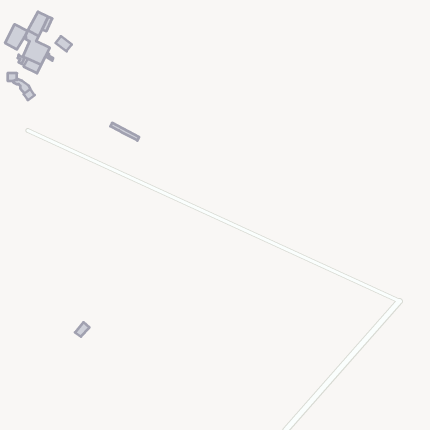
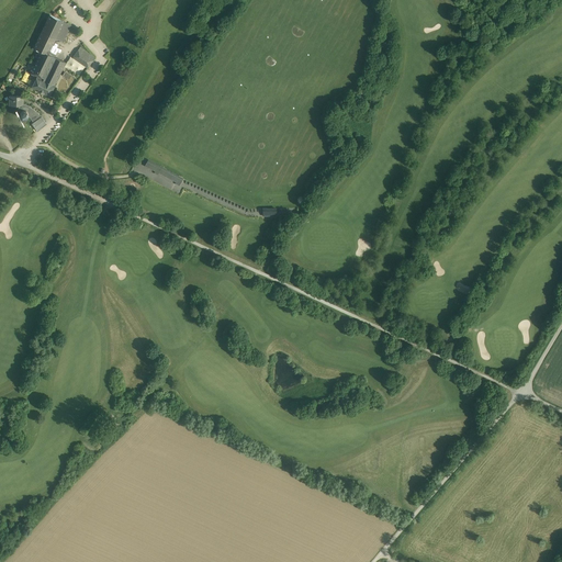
building: [5,24,28,49] -> none

